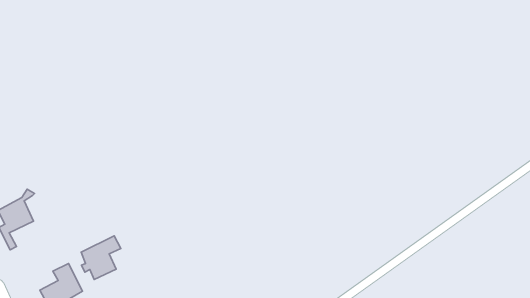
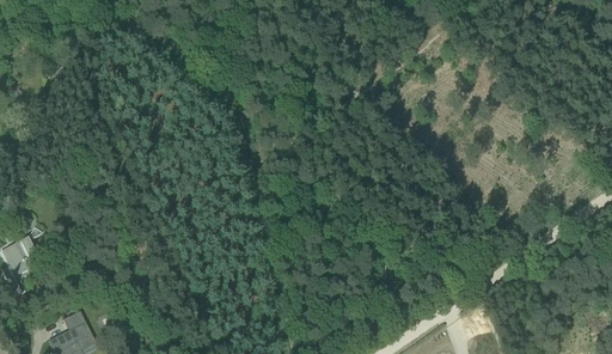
building: [81,236,121,280] -> none

